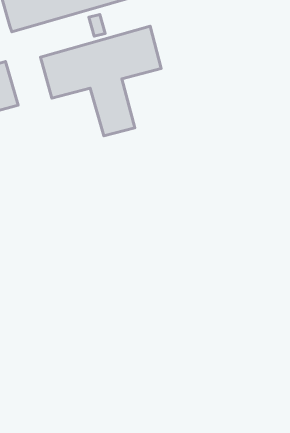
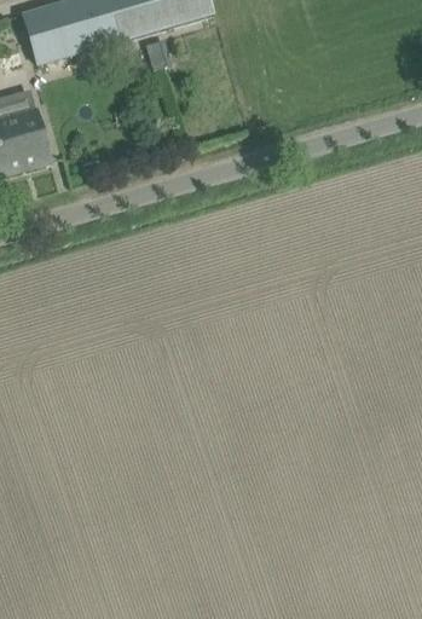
building: [41,26,161,136] -> none

